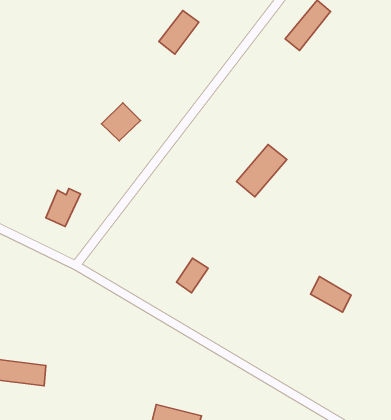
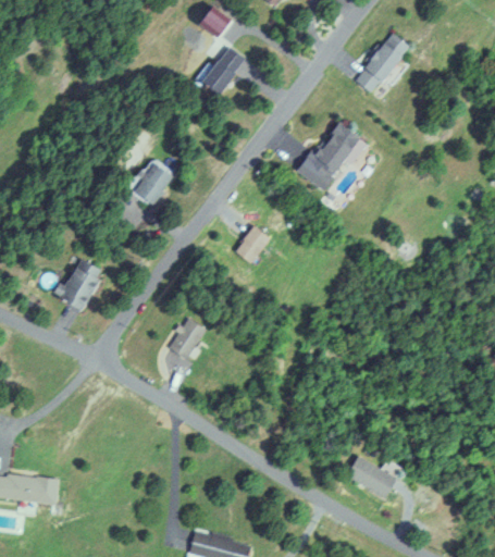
building: [236,144,287,197] -> [299,121,361,185]
building: none -> [235,226,271,264]
building: [177,258,208,293] -> [168,318,207,360]
building: [311,277,351,312] -> [348,456,398,499]

